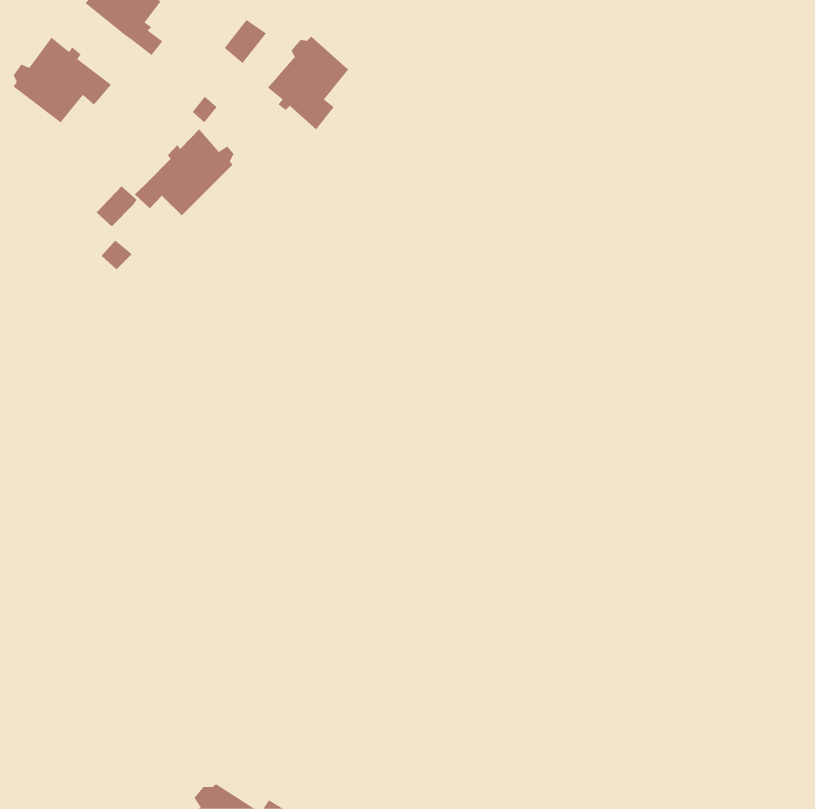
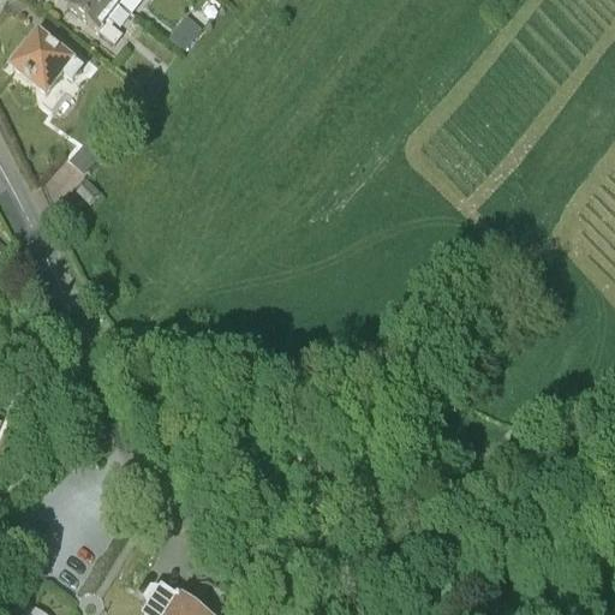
building: [267,36,349,130] -> none
building: [134,128,234,216] -> none

